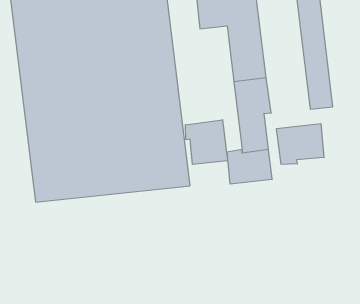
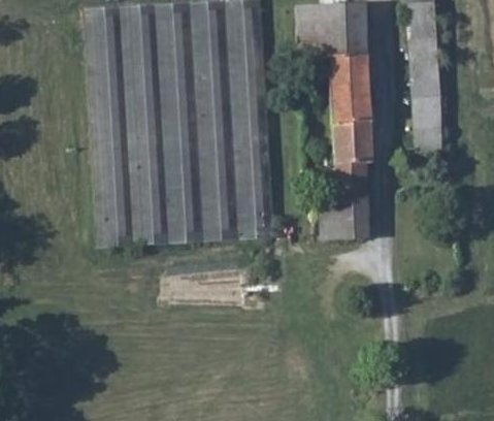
building: [185,120,228,164] -> none
building: [277,124,324,164] -> none

